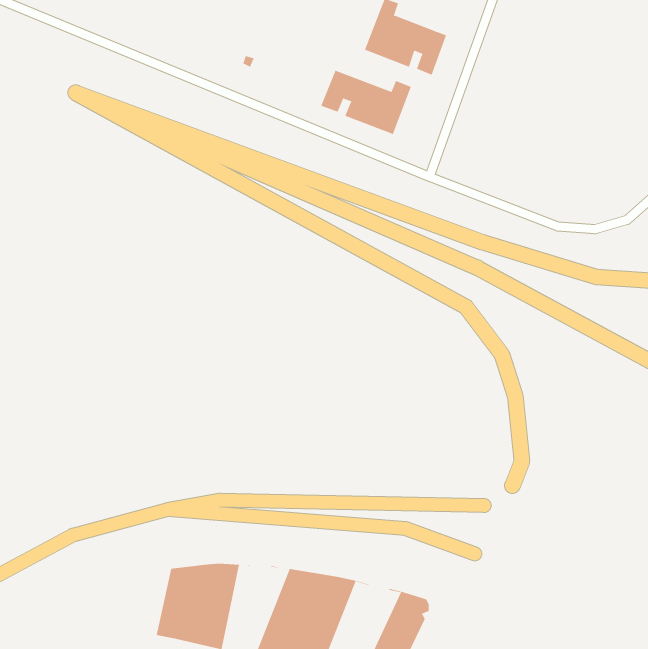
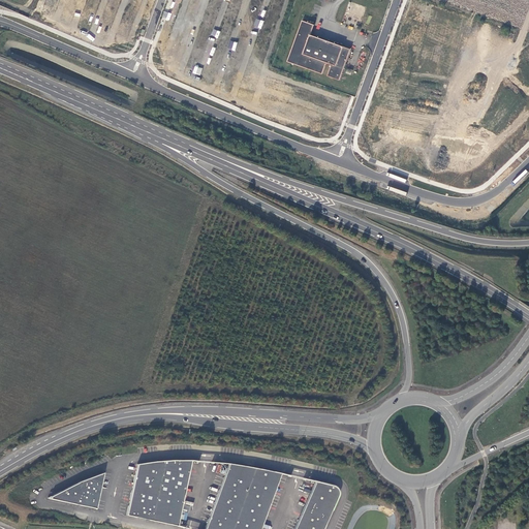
building: [320,70,411,135] -> none
building: none -> [49,473,104,508]

